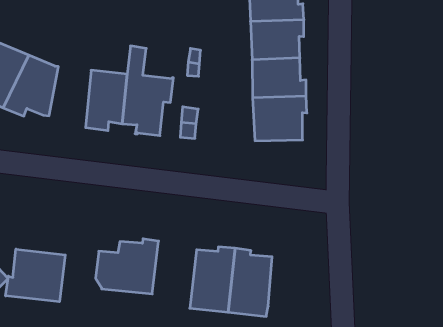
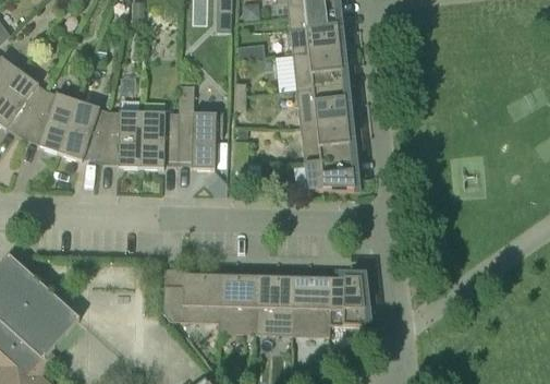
building: none -> [106,110,143,167]
building: none -> [305,163,354,190]
building: none -> [218,271,257,333]
building: [6,249,65,302] -> none
building: none -> [330,277,367,325]

